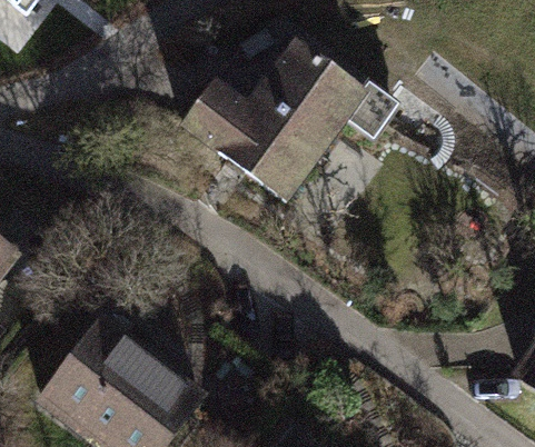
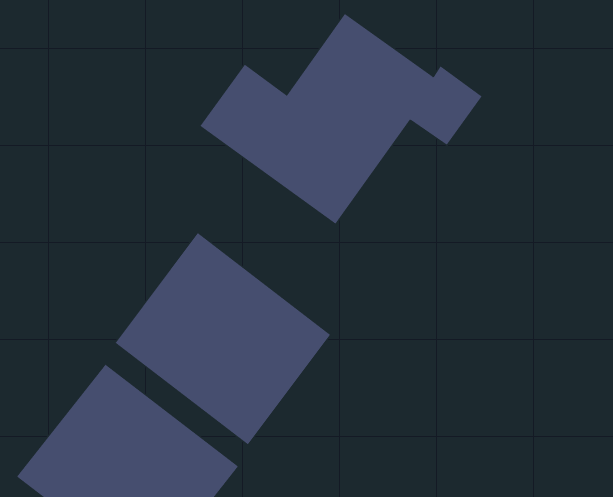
building: none -> [115,232,331,445]

